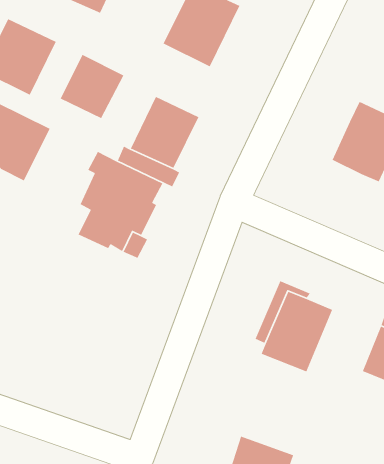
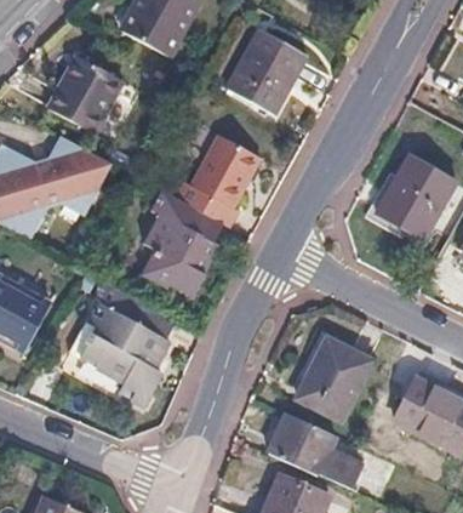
building: [59,54,124,119] -> none
building: none -> [73,283,170,404]
building: none -> [268,411,358,488]

